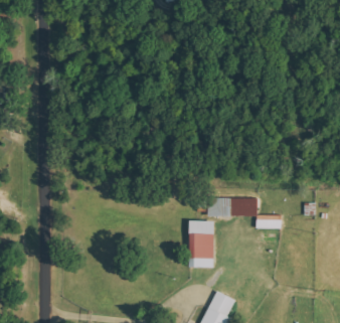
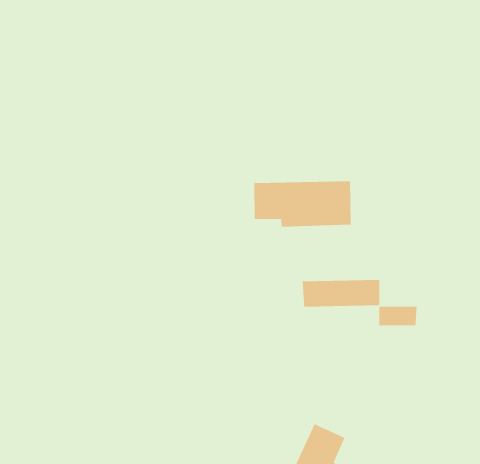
building: none -> [254,181,352,227]
building: [189,220,213,267] -> none

